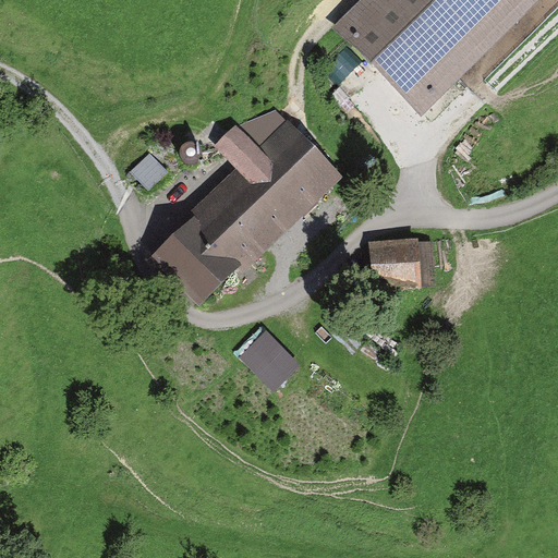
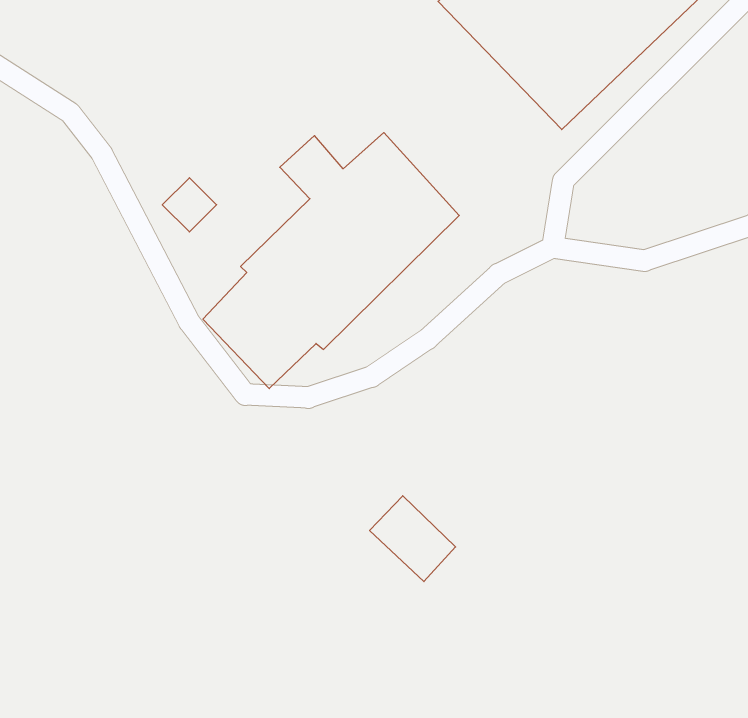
building: [366,235,421,290] -> none
building: [239,327,301,389] -> [370,496,456,582]

